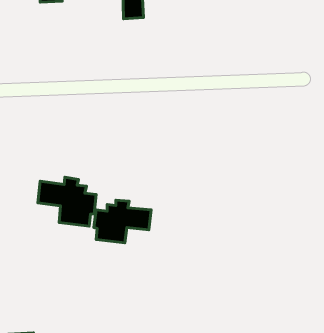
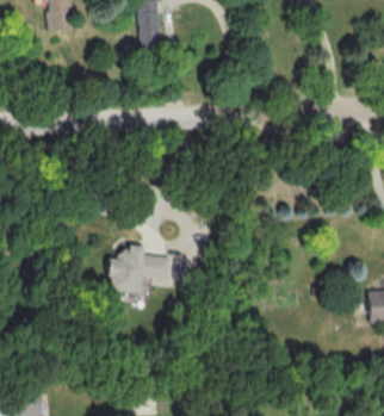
building: [38,177,96,226] -> none

